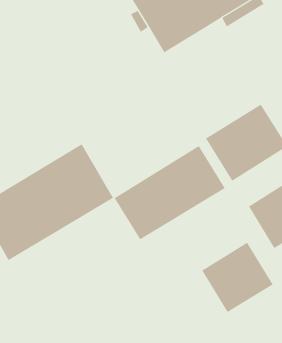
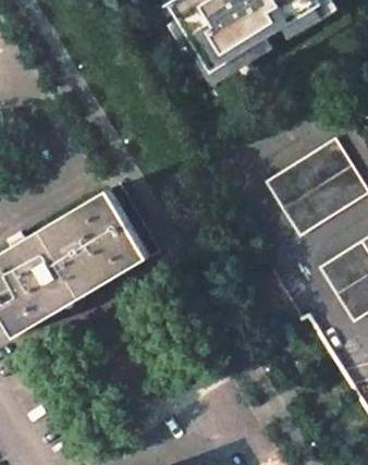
building: [114,145,225,240] -> none
building: [202,242,274,313] -> none

